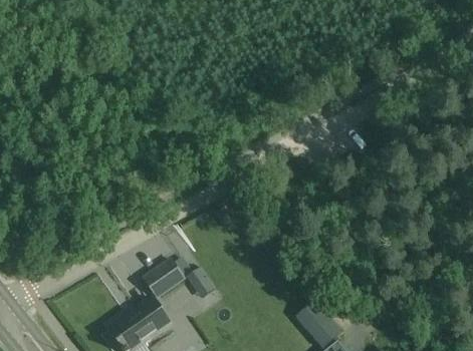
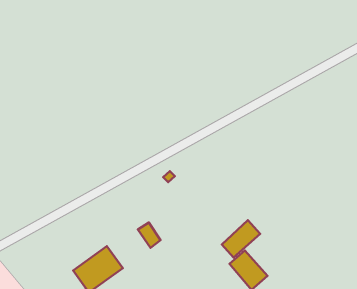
building: [144,259,185,297] -> none
building: none -> [222,220,260,257]

